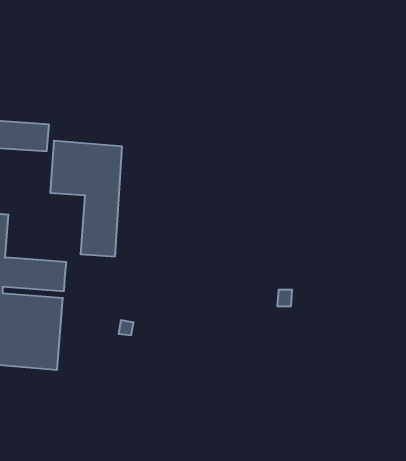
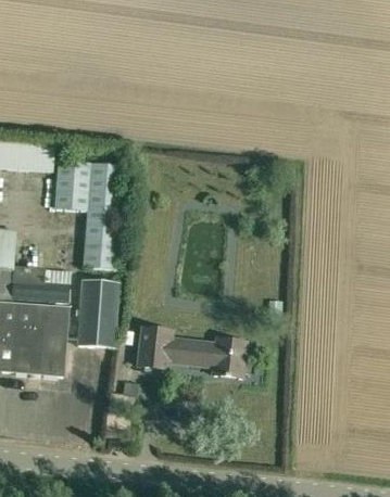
building: none -> [77,280,118,347]
building: none -> [138,328,246,378]

